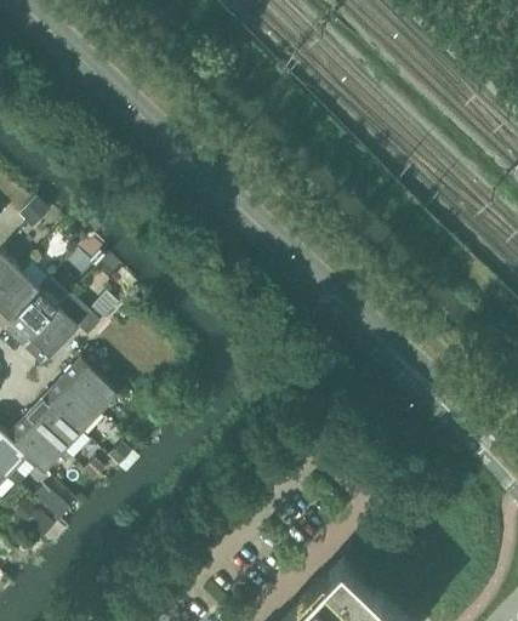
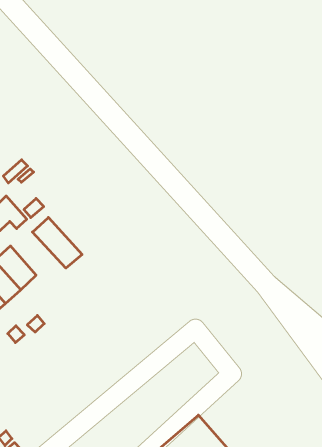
building: none -> [32,217,82,268]

